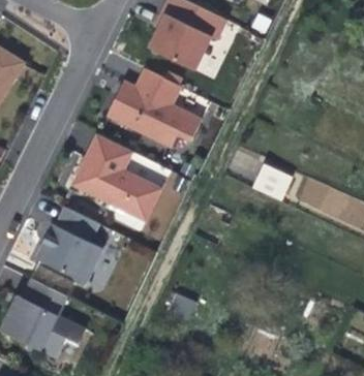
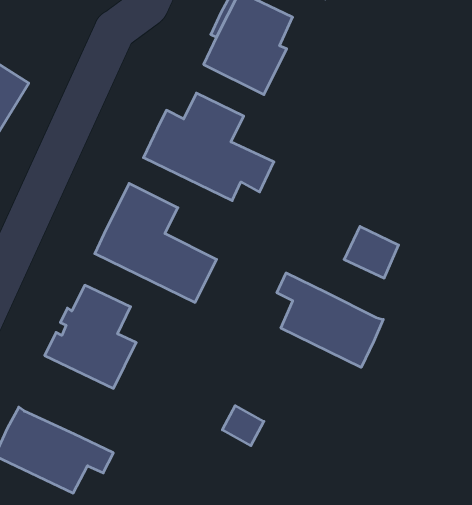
building: none -> [277,273,383,367]
building: [22,278,67,314] -> none

